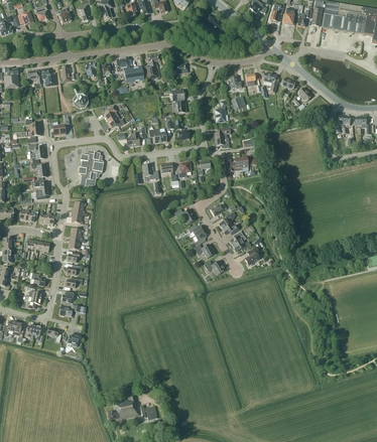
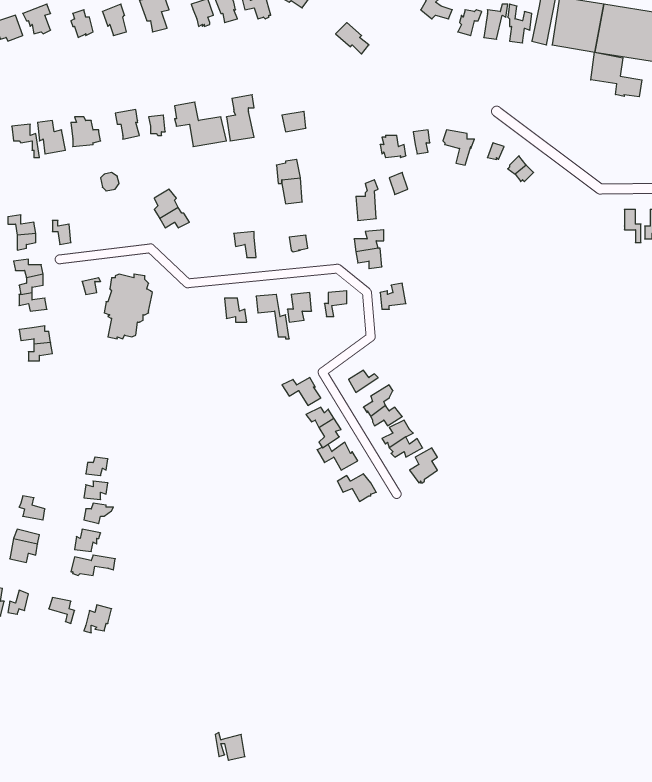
building: none -> [591,52,642,97]
building: [107,394,137,420] -> none

